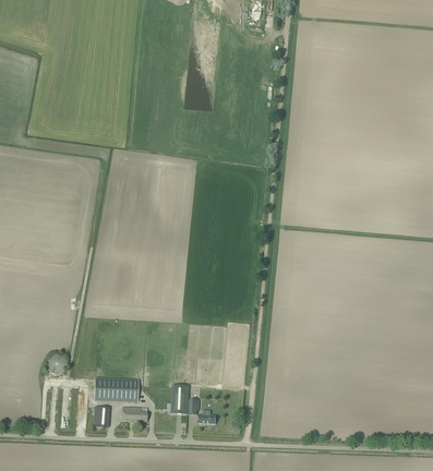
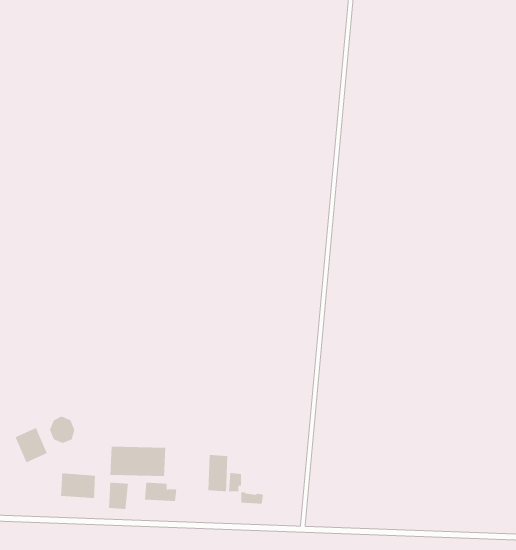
building: none -> [15,427,48,463]
building: none -> [61,473,96,499]

